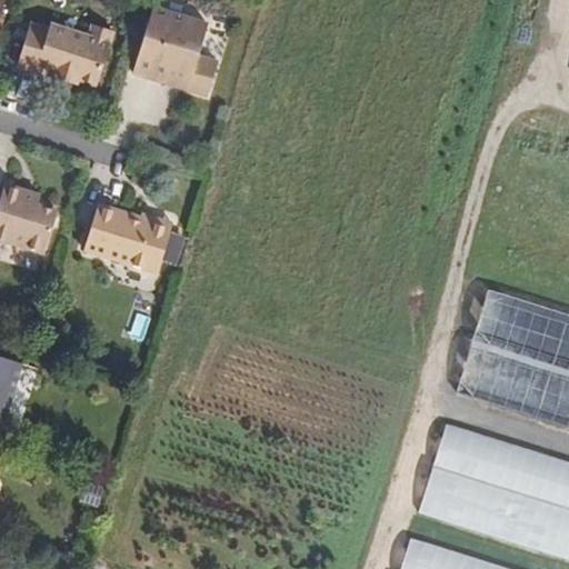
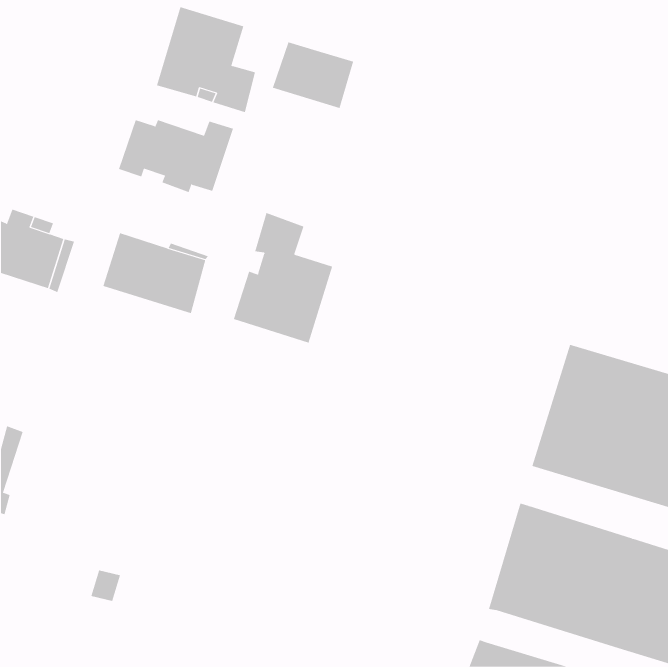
building: [19,18,117,80] -> [118,119,234,193]
building: none -> [272,42,354,109]
building: none -> [233,212,333,343]

